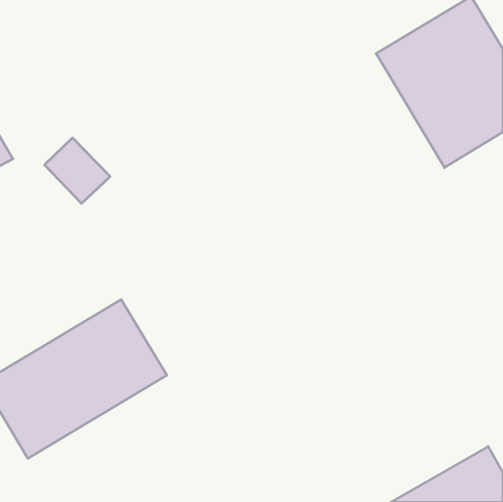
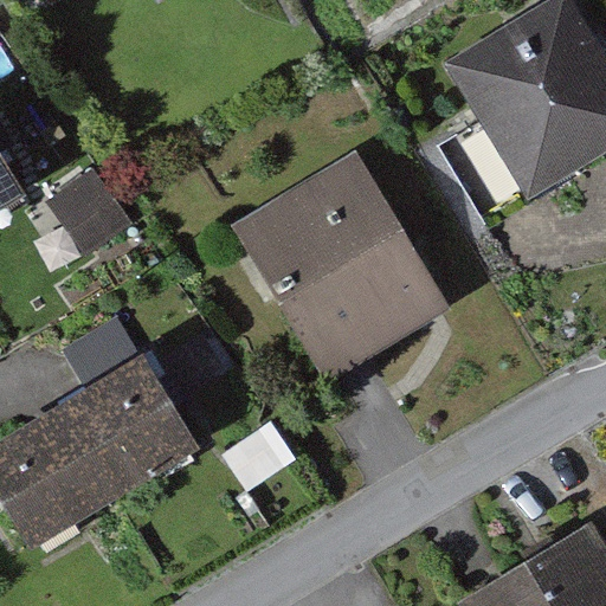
building: none -> [231,152,445,376]

